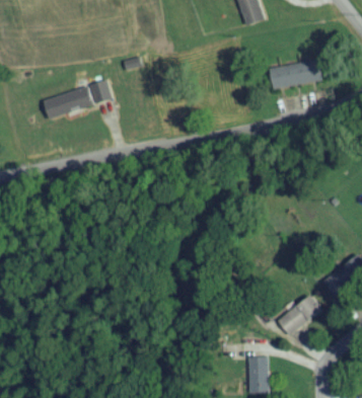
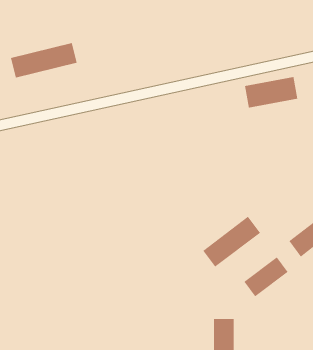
building: [269,59,322,90] -> [244,77,298,108]
building: none -> [202,216,261,268]

